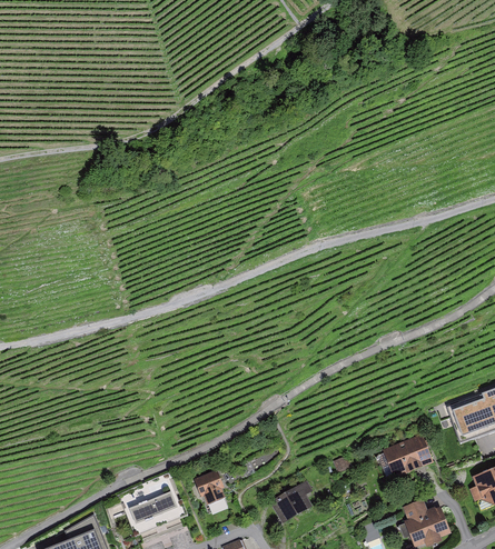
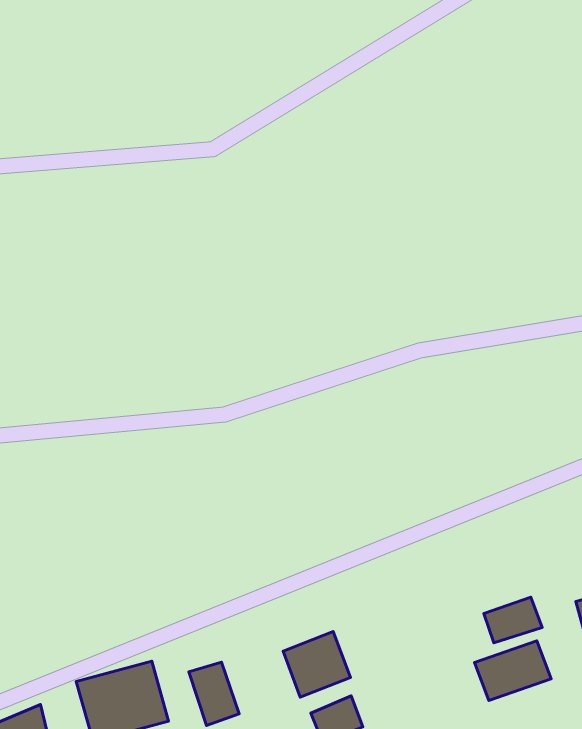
building: none -> [484,597,542,643]
building: none -> [283,632,350,697]

